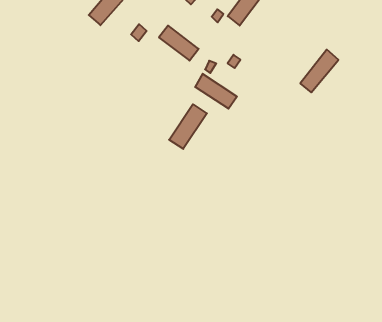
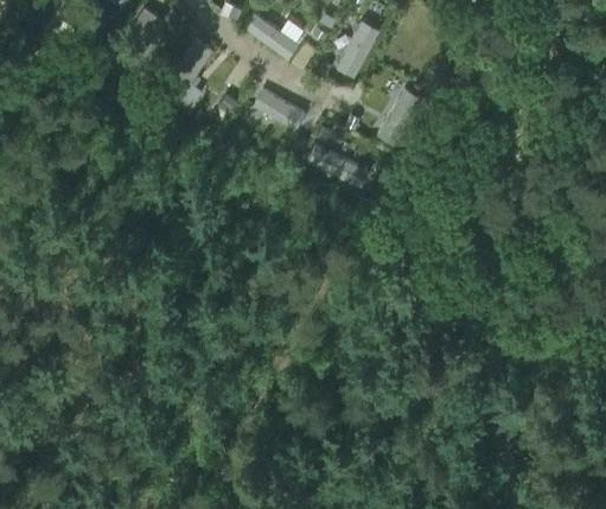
building: [300,50,338,92] -> [378,88,422,145]
building: [169,104,207,149] -> none

